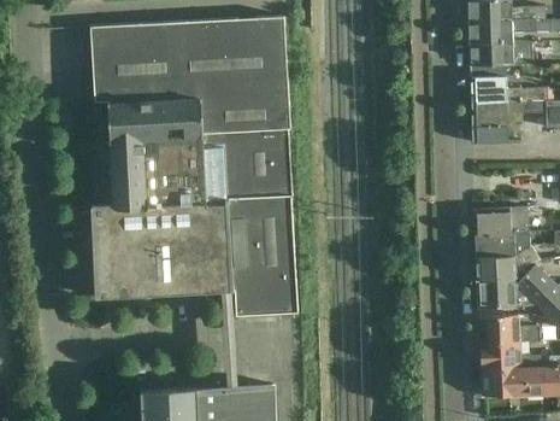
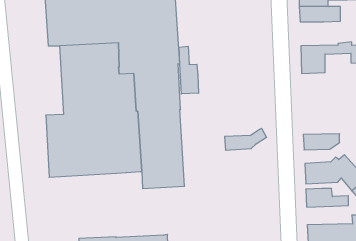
building: [470,65,547,101] -> none
building: none -> [179,46,199,94]
building: [473,207,529,234] -> none
building: [476,245,538,277] -> [225,128,267,150]
building: [478,341,548,369] -> none

